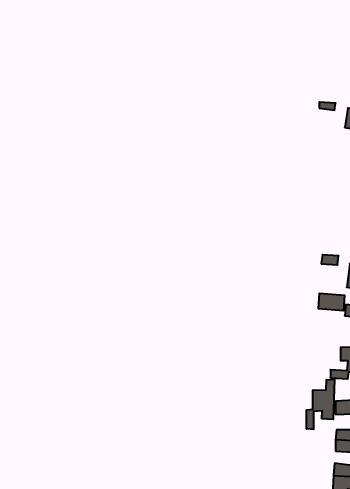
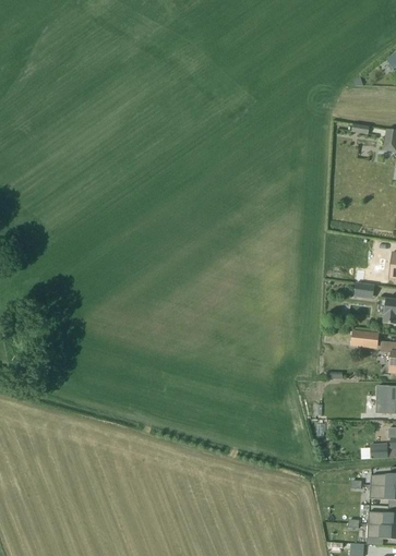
building: [307,379,334,429] -> none

